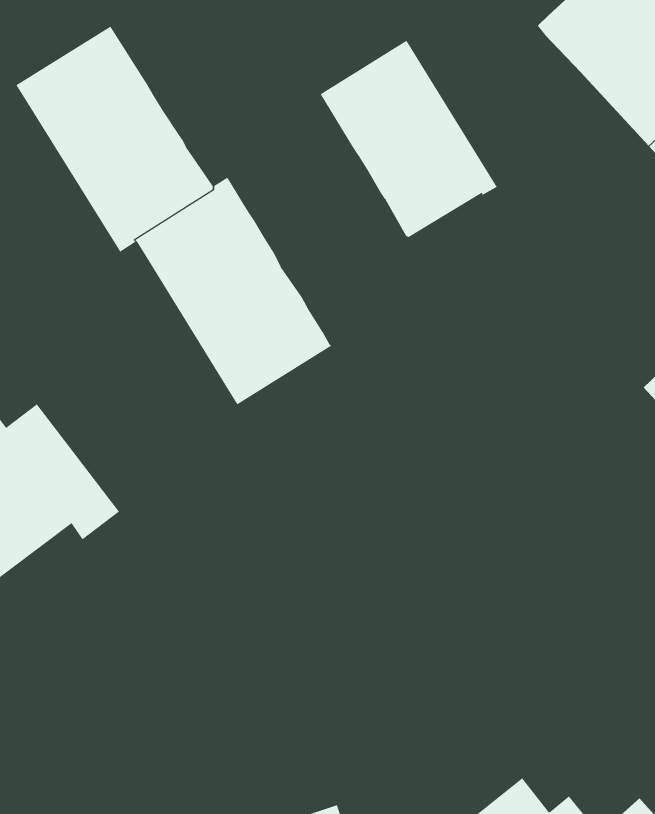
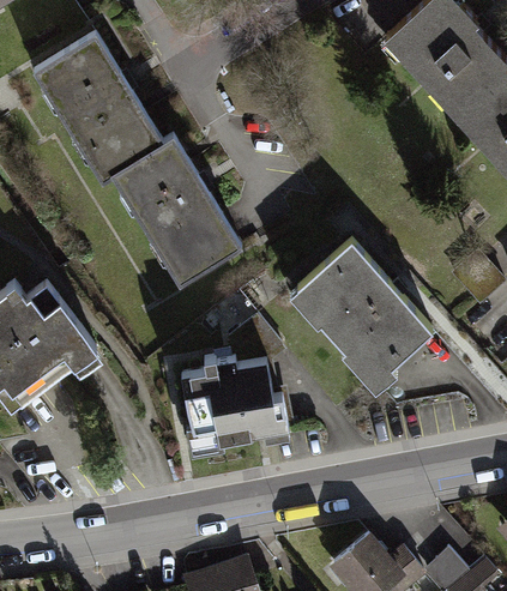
building: [320,40,498,238] -> none
building: none -> [292,243,435,396]
building: none -> [180,357,290,460]

